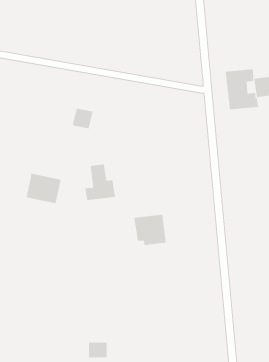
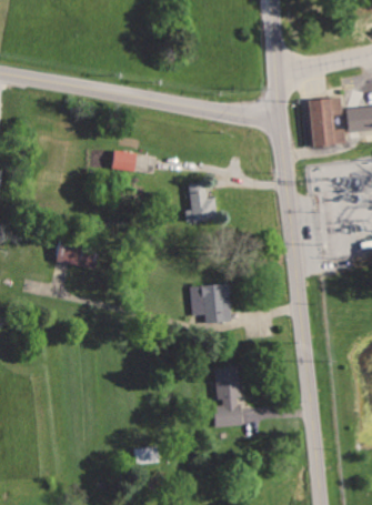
building: [85,164,116,200] -> [182,178,222,224]
building: none -> [211,364,248,431]

